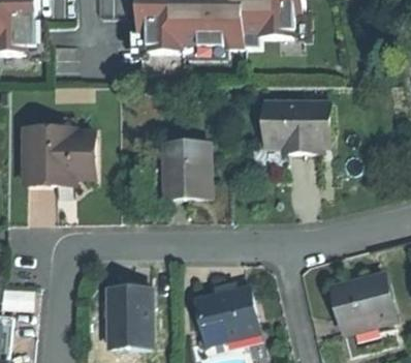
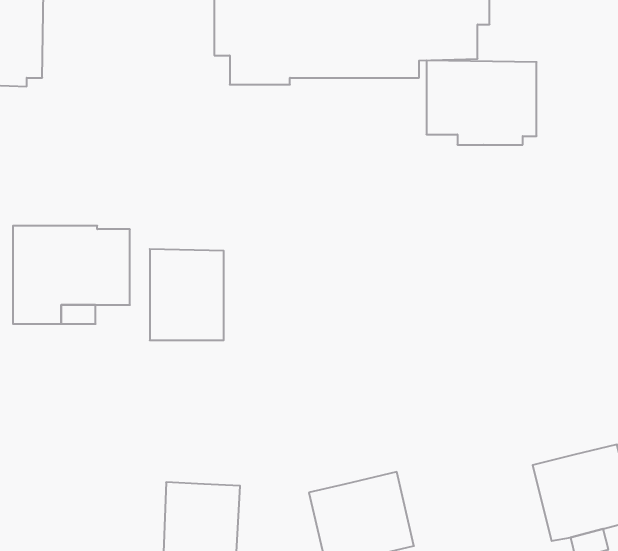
building: [264,101,330,152] -> [426,60,537,145]
building: [163,142,208,196] -> [150,249,224,340]

